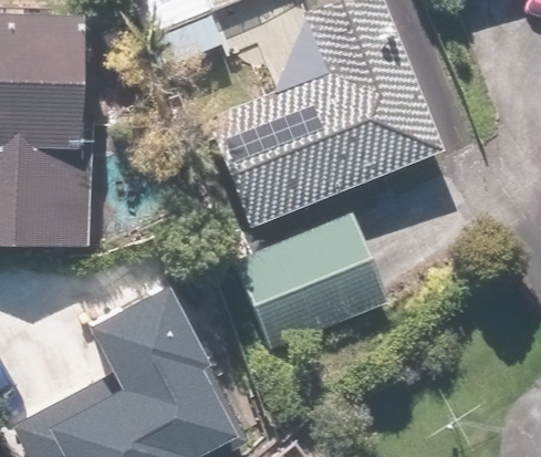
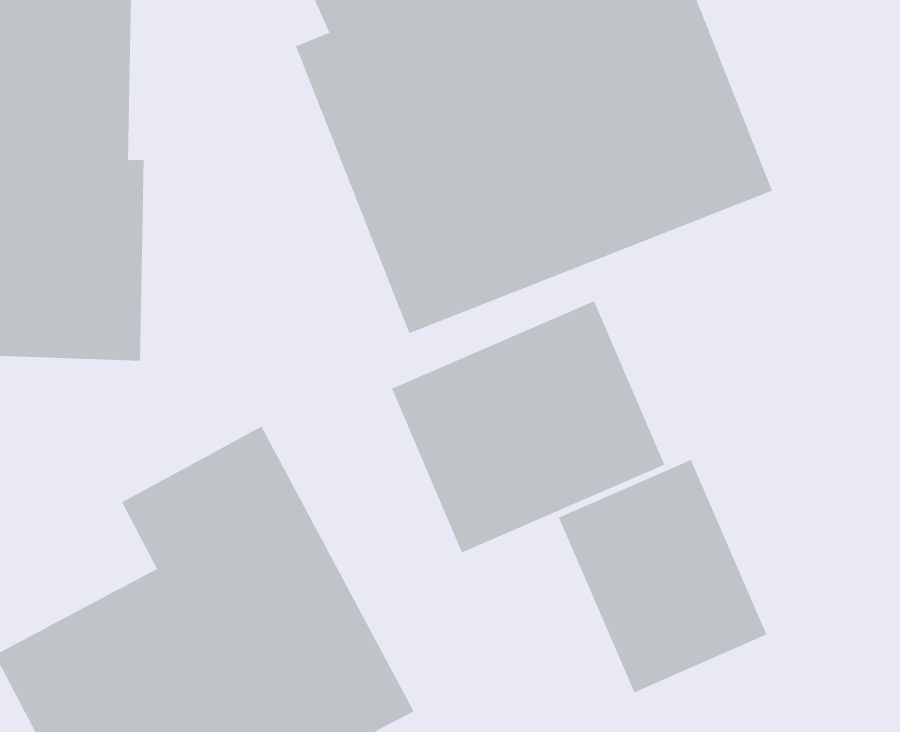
building: none -> [558,459,767,693]

